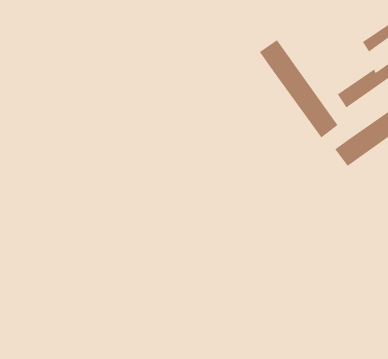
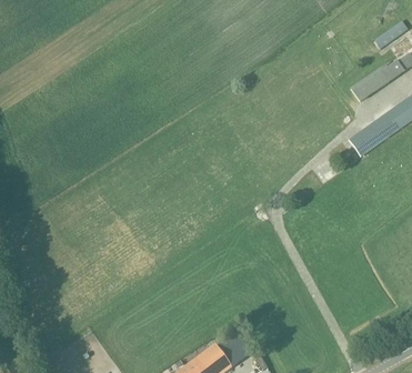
building: [259,39,338,138] -> none

